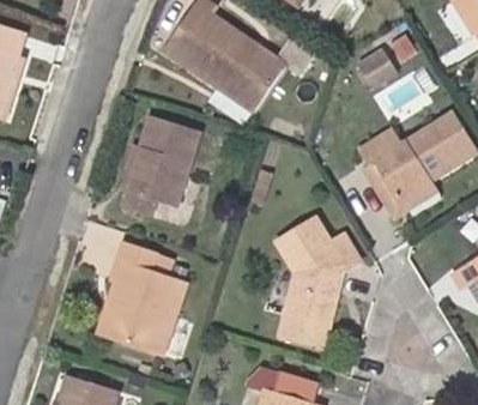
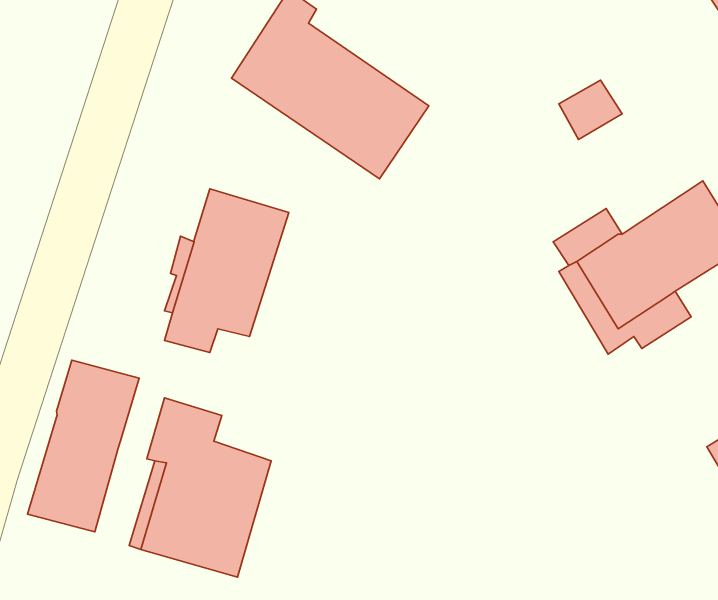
building: [277,216,362,341] -> none
building: none -> [28,360,139,532]

